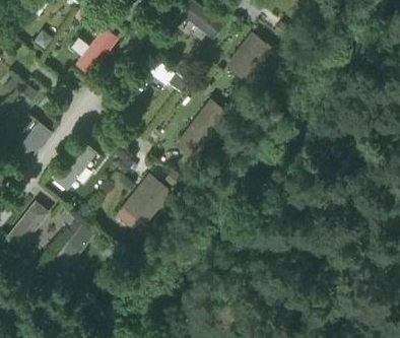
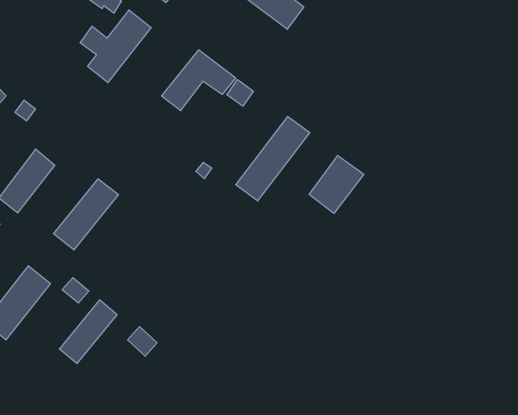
building: [226,31,273,82] -> none
building: none -> [309,155,364,213]
building: [123,174,173,225] -> none

